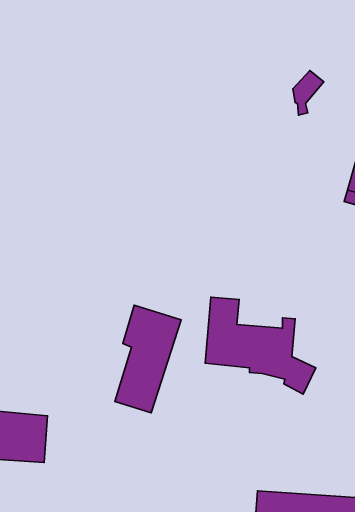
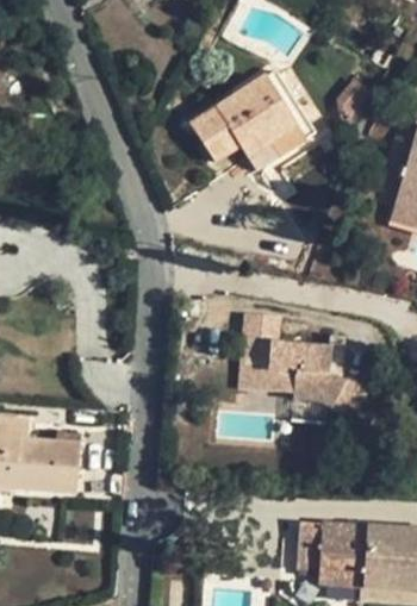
building: none -> [189,75,305,170]
building: [115,305,181,413] -> none

